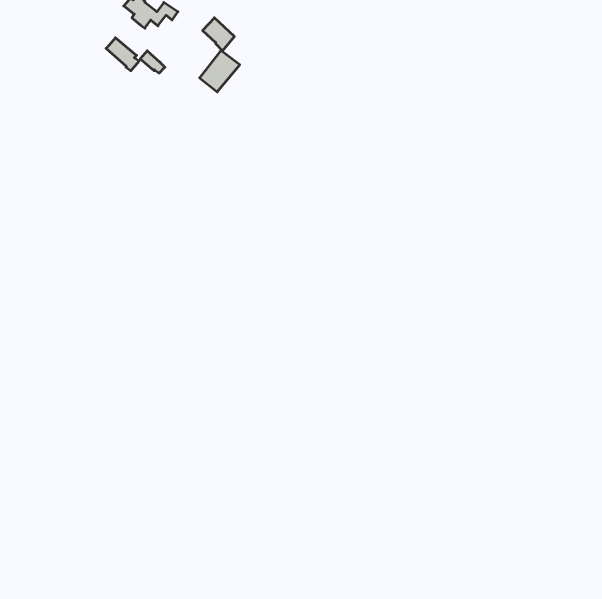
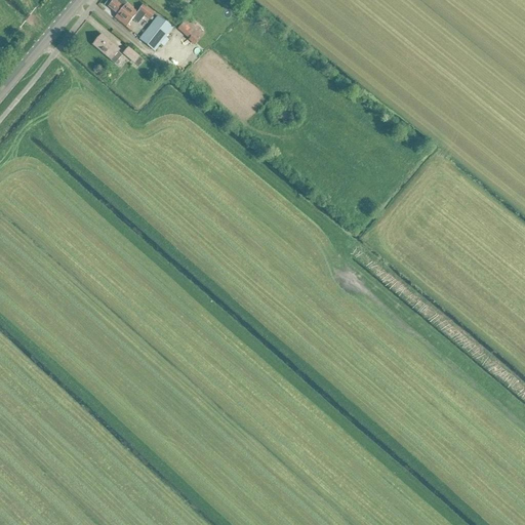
building: [200,51,240,92] -> [138,13,173,49]

